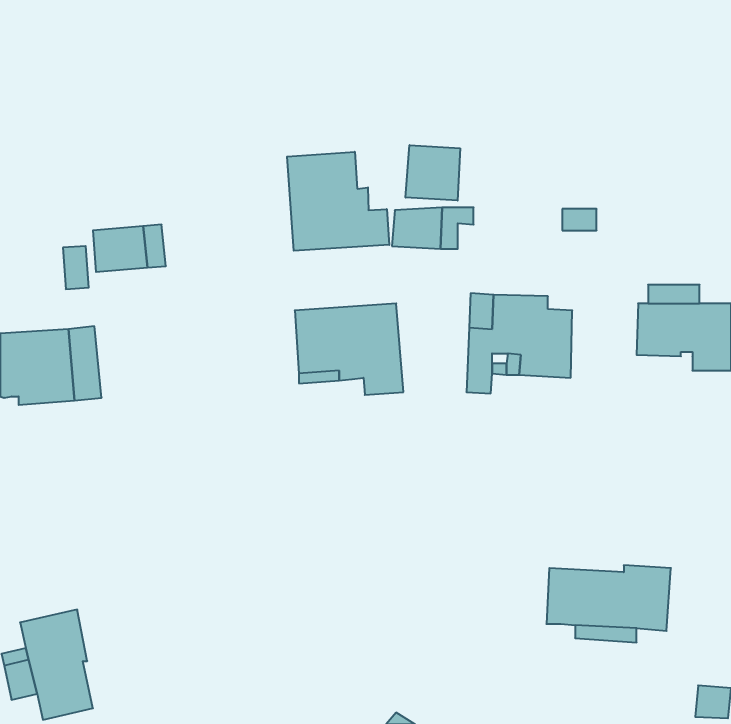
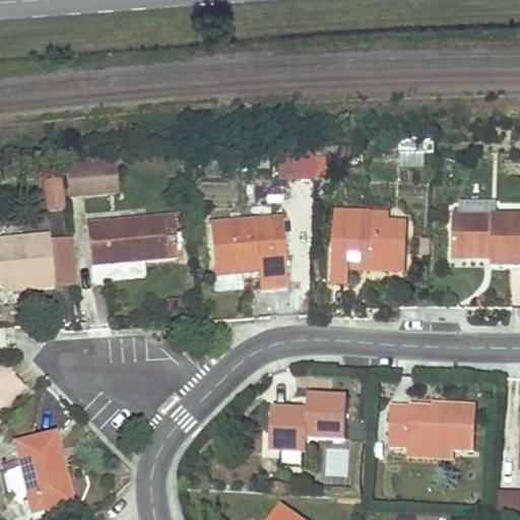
building: [406,145,460,201] -> none
building: [287,152,389,251] -> none
building: none -> [86,215,176,278]
building: none -> [269,395,346,449]

